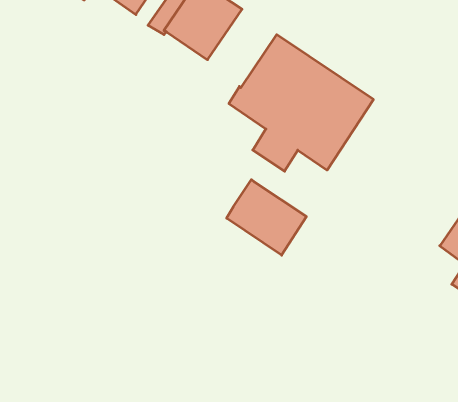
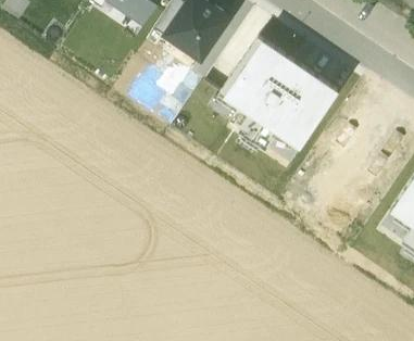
building: [227,180,306,255] -> none

